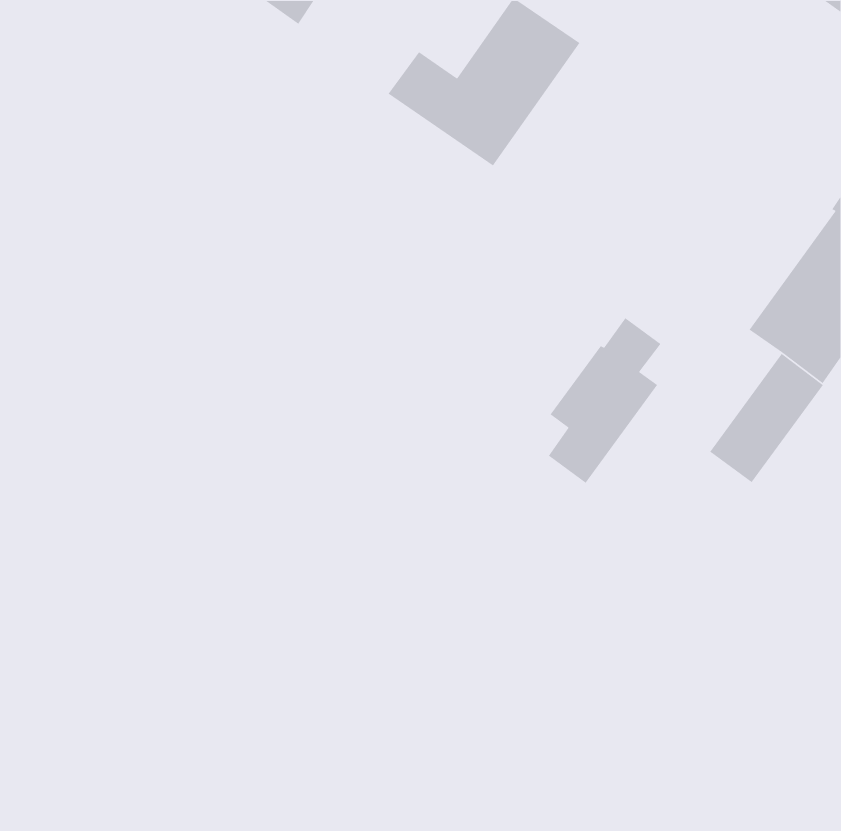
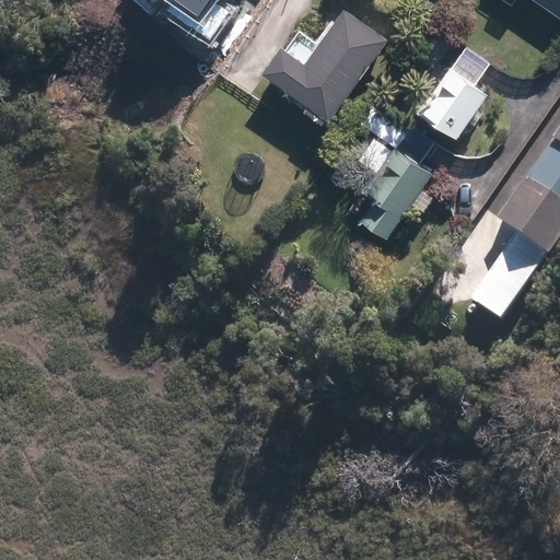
building: none -> [418,54,489,139]
building: [548,317,662,484] -> [361,128,436,238]

